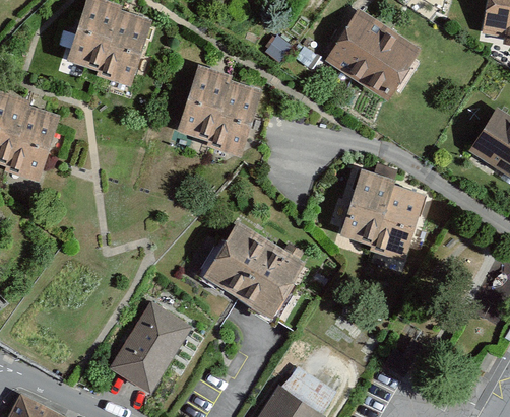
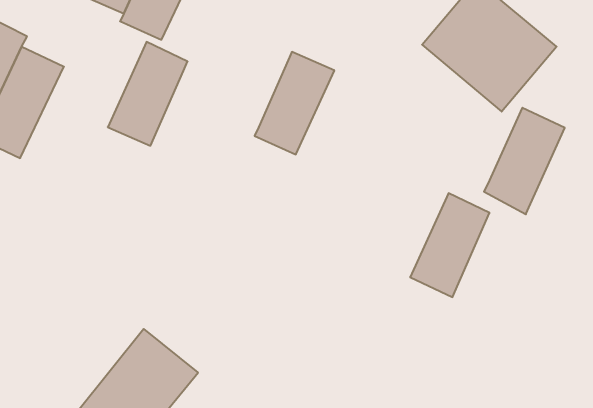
building: [179,64,231,140] -> [108,42,188,146]
building: [372,185,425,263] -> [484,108,565,214]
building: [204,220,308,319] -> none

